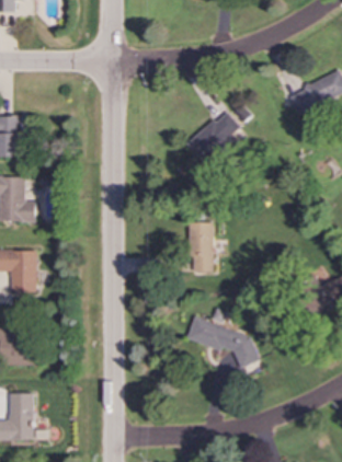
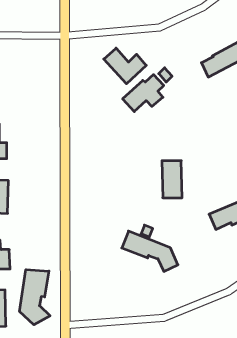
building: none -> [104,48,146,84]
building: [186,222,213,270] -> [162,161,182,198]
building: none -> [20,270,50,325]

